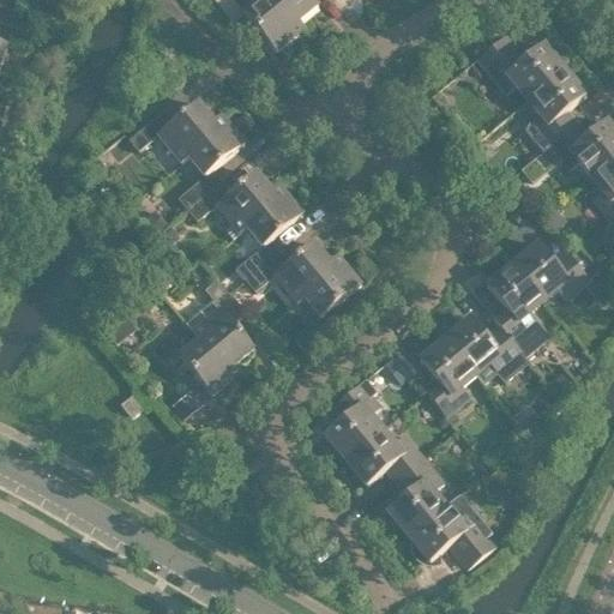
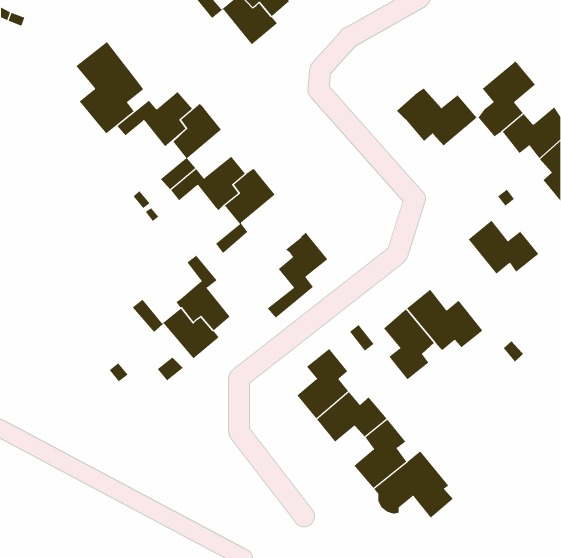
building: [475,34,564,97] -> [396,88,478,146]
building: none -> [76,41,145,134]
building: [243,240,329,300] -> none
building: [486,261,548,356] -> none

